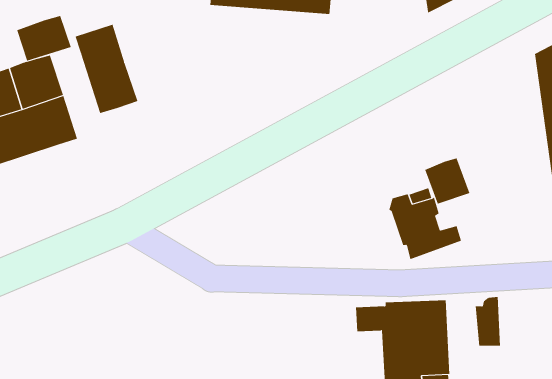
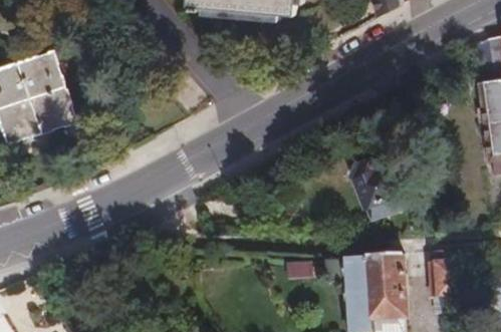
building: [17,15,71,61] -> none
building: [75,24,138,114] -> none
building: [425,157,470,205] -> none

